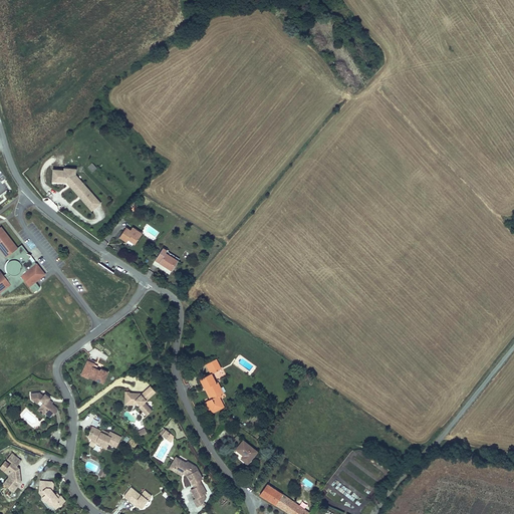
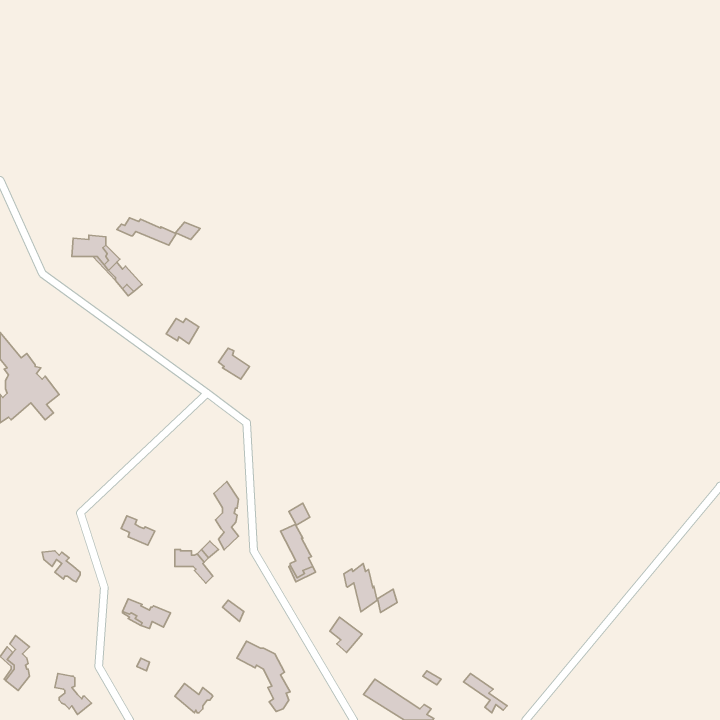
building: none -> [117,218,200,245]
building: none -> [214,481,239,550]
building: none -> [344,564,397,613]

